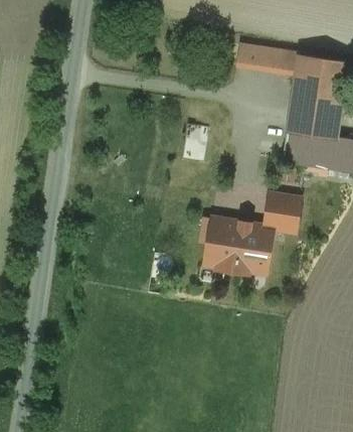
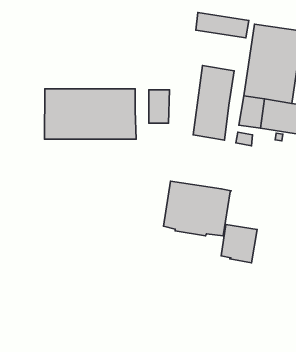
building: none -> [193,65,234,140]
building: none -> [45,89,136,139]
building: [263,192,301,232] -> [221,225,257,263]

